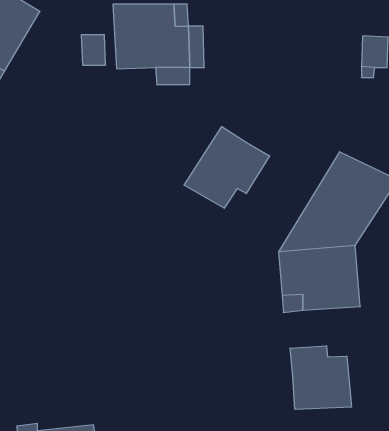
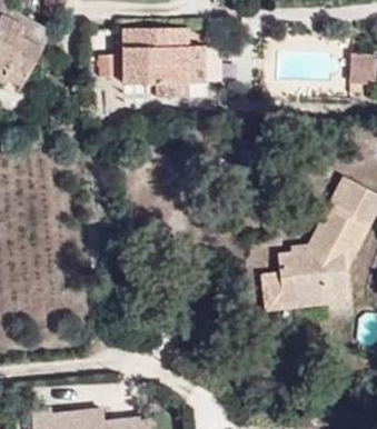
building: [184,127,270,208] -> none
building: [290,346,352,409] -> none

